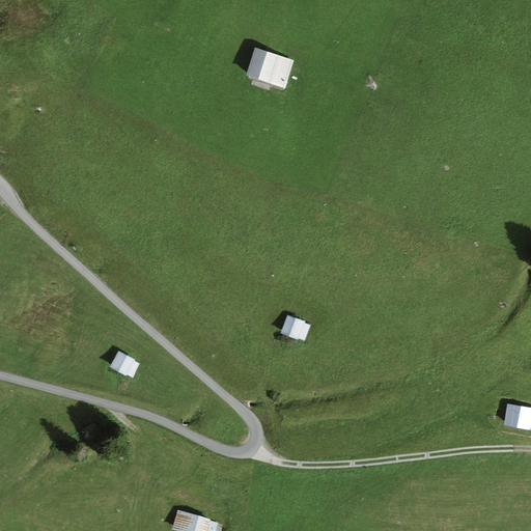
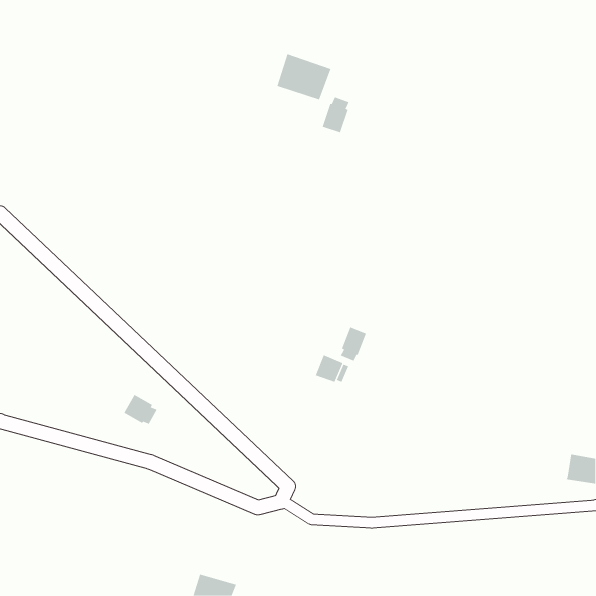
building: none -> [322,96,349,133]
building: none -> [340,326,367,362]

